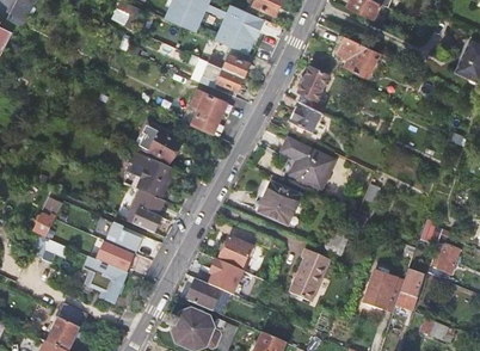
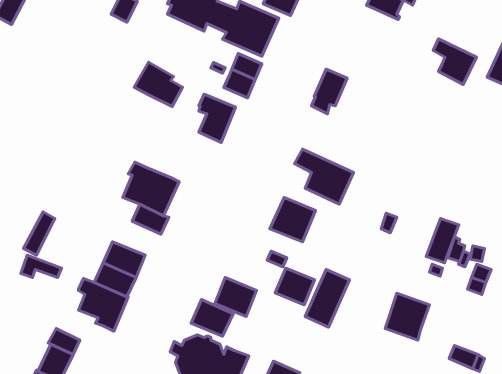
building: [338,37,377,79] -> [433,39,476,85]
building: [287,101,324,135] -> none
building: [135,121,179,161] -> [134,62,183,107]
building: [124,205,161,235] -> none
building: [217,234,253,267] -> [275,268,315,305]
building: [394,270,424,310] -> [426,218,459,263]

